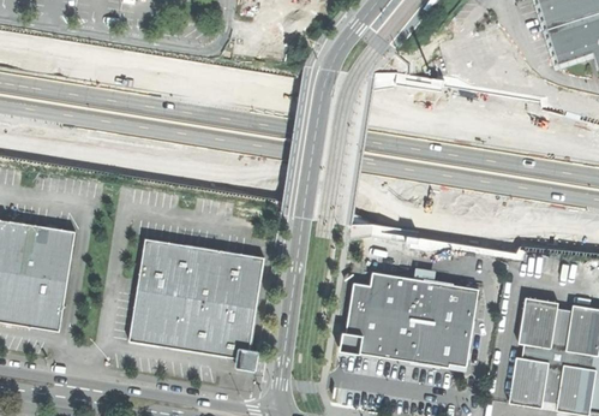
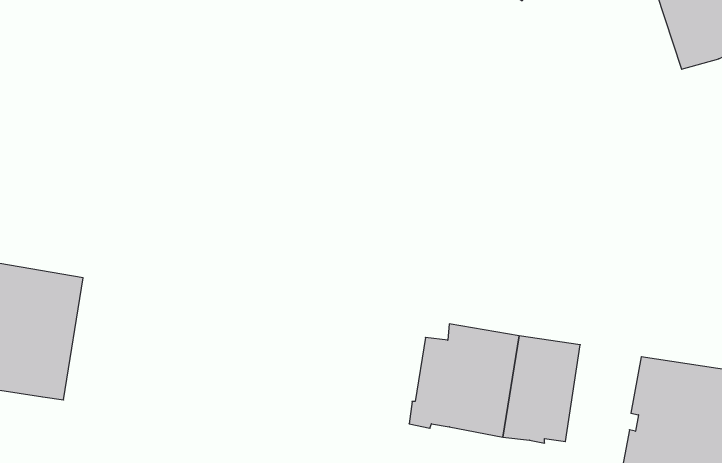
building: [130,239,265,372] -> none

